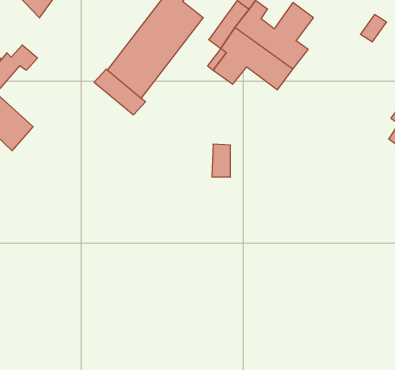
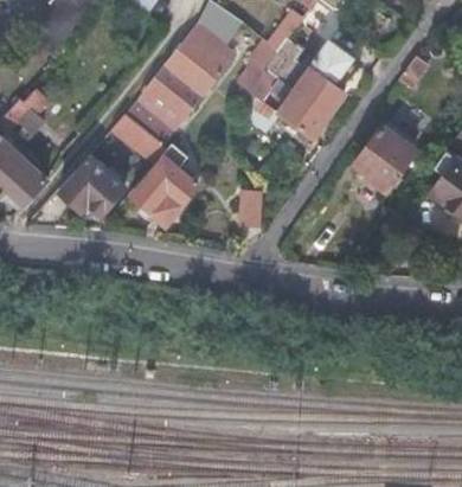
building: none -> [358,124,416,188]
building: none -> [63,159,127,216]
building: none -> [134,159,198,225]

